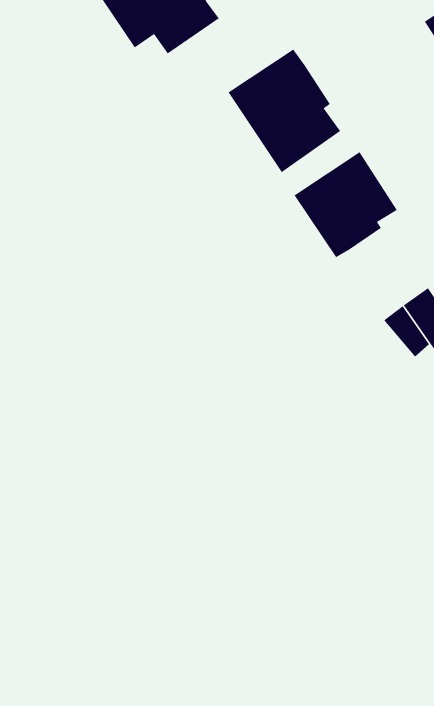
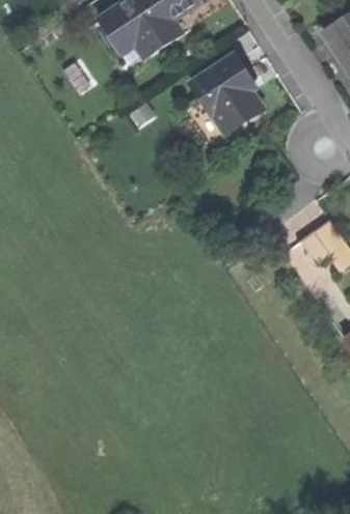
building: [294,151,398,258] -> none

